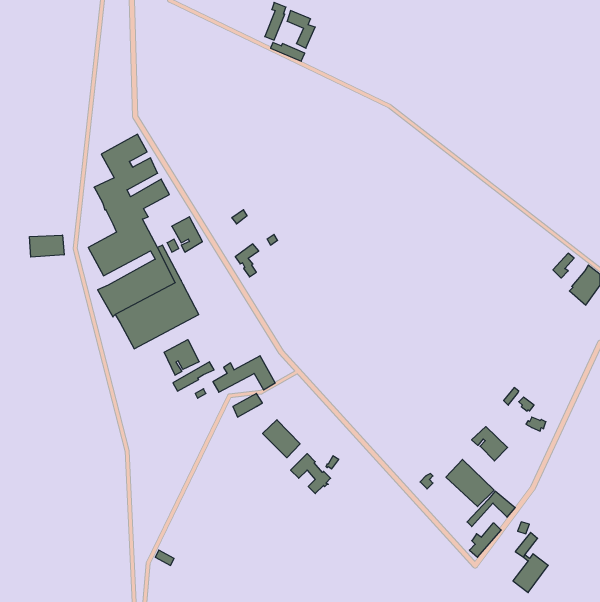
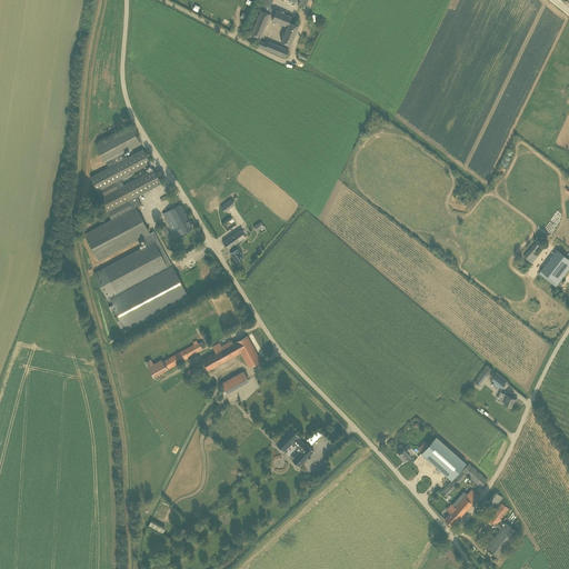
building: [30,235,64,257] -> none
building: [164,340,199,375] -> none
building: [263,420,300,458] -> none
building: [472,427,508,461] -> none

